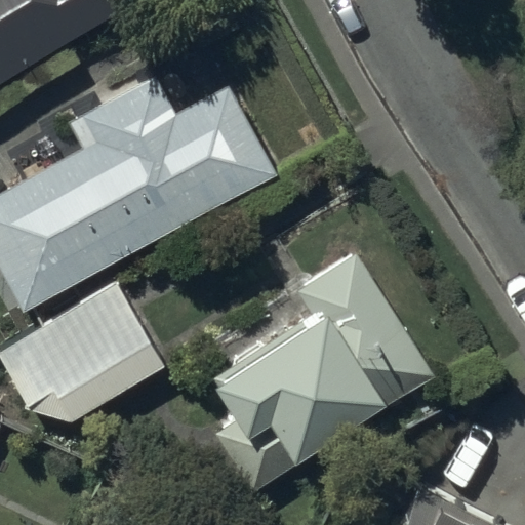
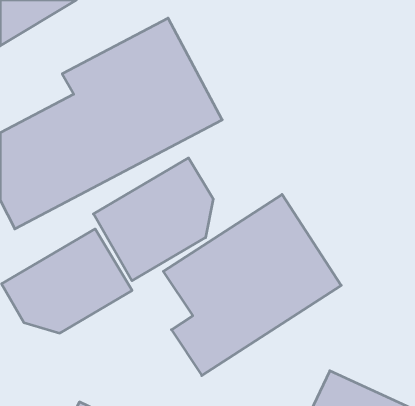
building: none -> [93,158,213,281]

